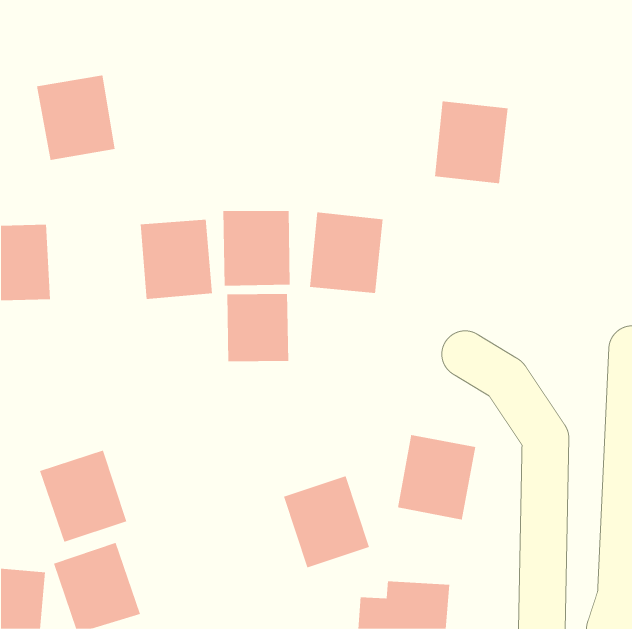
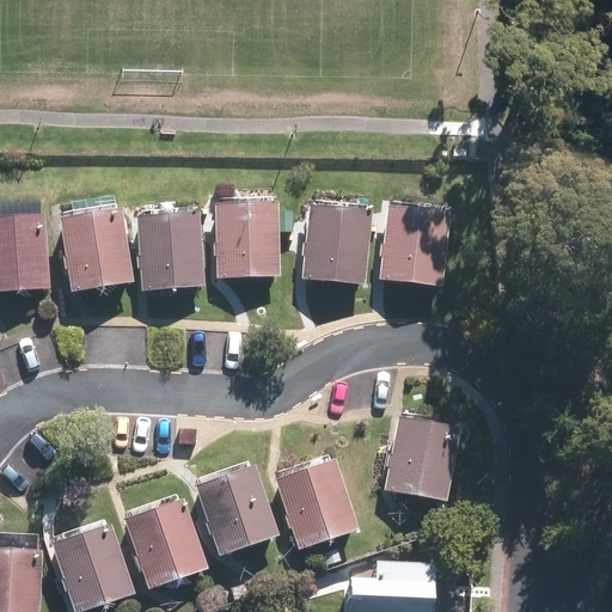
building: [36,75,115,160] -> [57,209,134,292]
building: [434,101,508,184] -> [378,204,449,284]
building: [227,293,289,362] -> none
building: [39,450,127,543] -> [123,500,208,589]
building: none -> [195,466,280,555]

